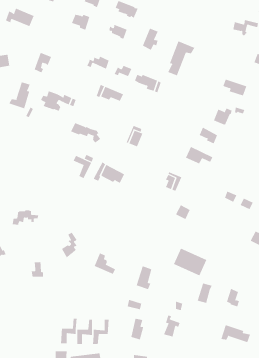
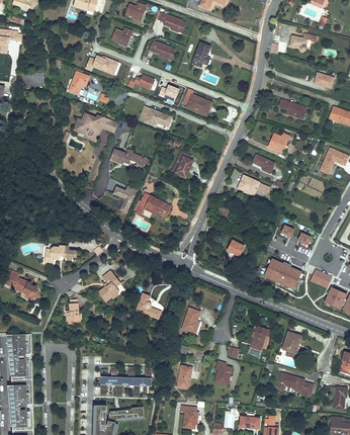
building: [5,8,34,27] -> [86,54,118,75]
building: [168,41,195,76] -> none
building: [9,81,30,109] -> none
building: [173,248,207,276] -> [264,258,301,289]

